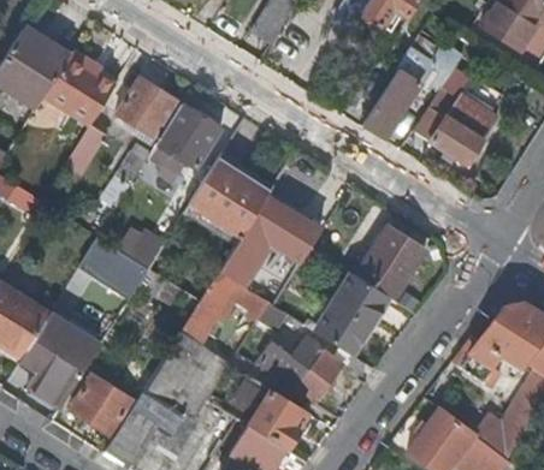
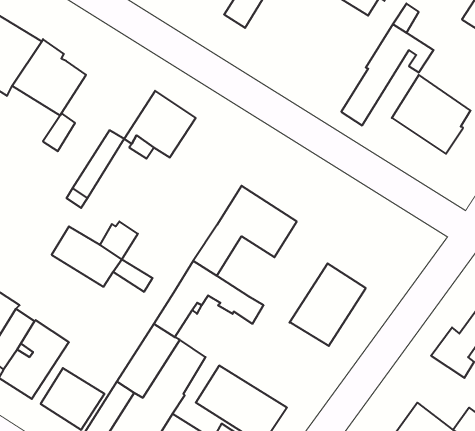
building: [116,77,176,137] -> none
building: [190,159,270,234] -> none
building: [354,226,422,299] -> none
building: [260,329,367,403] -> none

